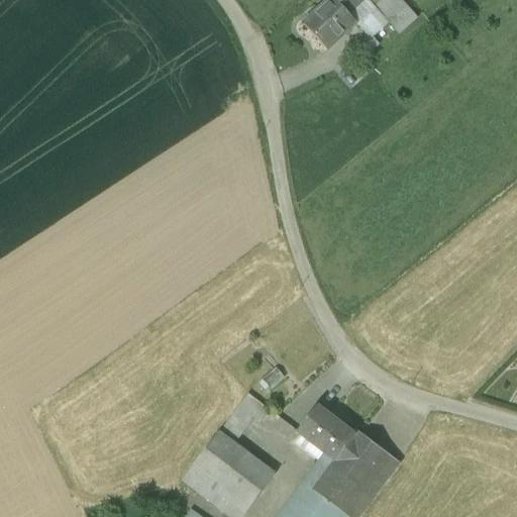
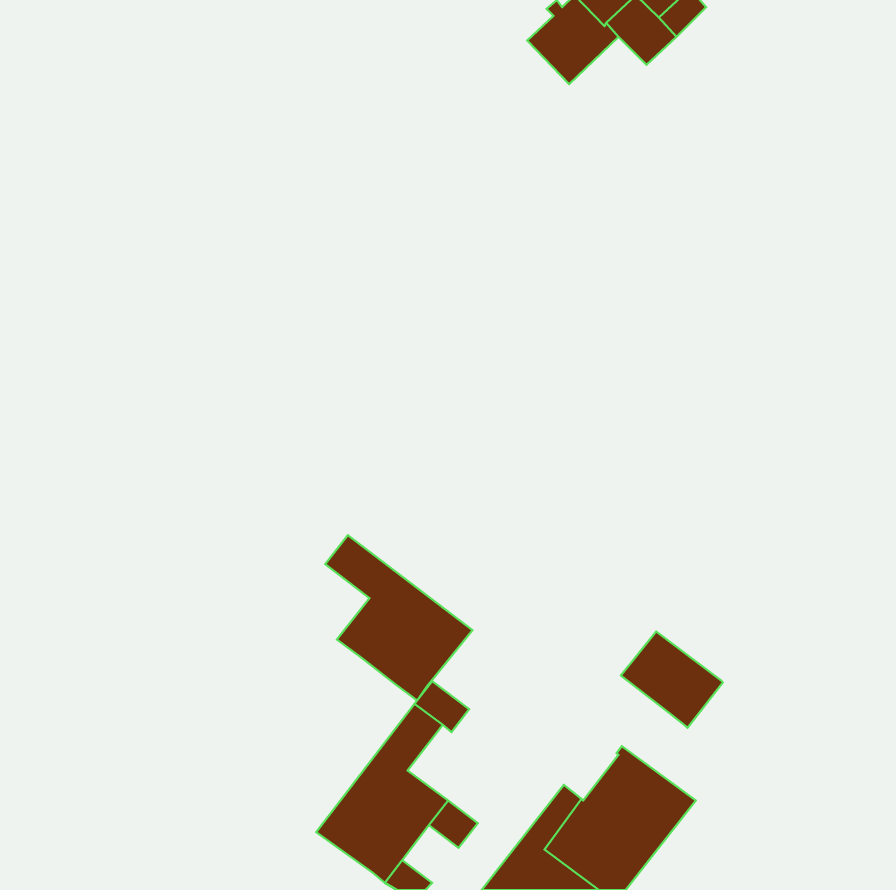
building: none -> [325,535,473,701]
building: [298,405,356,460] -> [621,631,723,728]
building: [232,475,265,508] -> none

